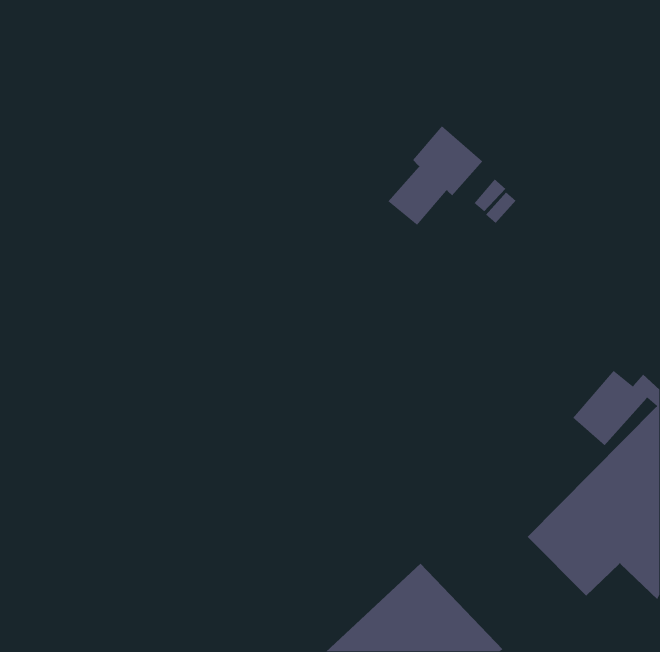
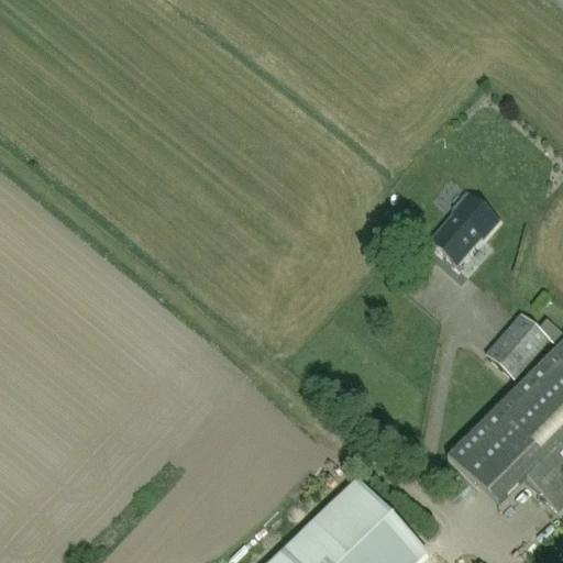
building: [387,125,483,226] -> [431,177,512,263]

